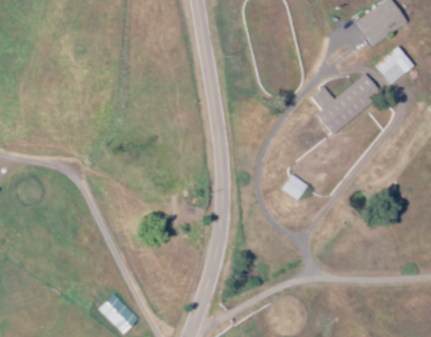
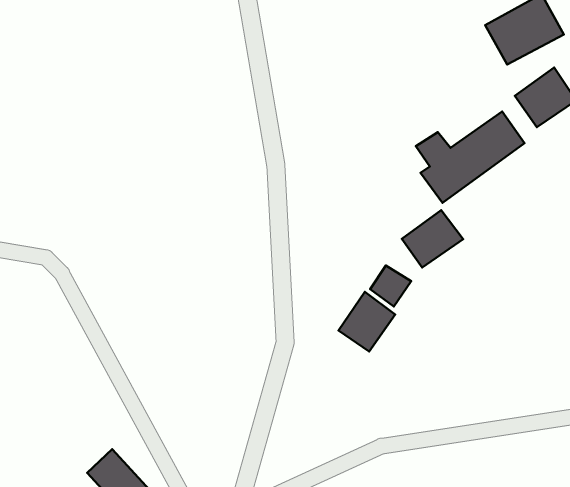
building: none -> [402,210,463,268]
building: none -> [339,292,395,351]

